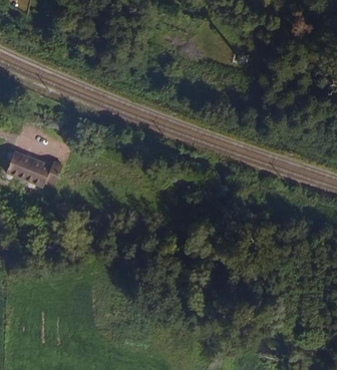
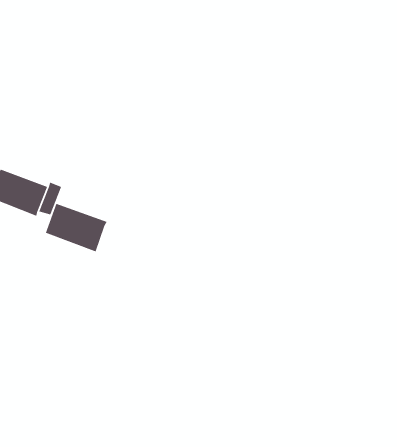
building: none -> [45,203,108,253]

